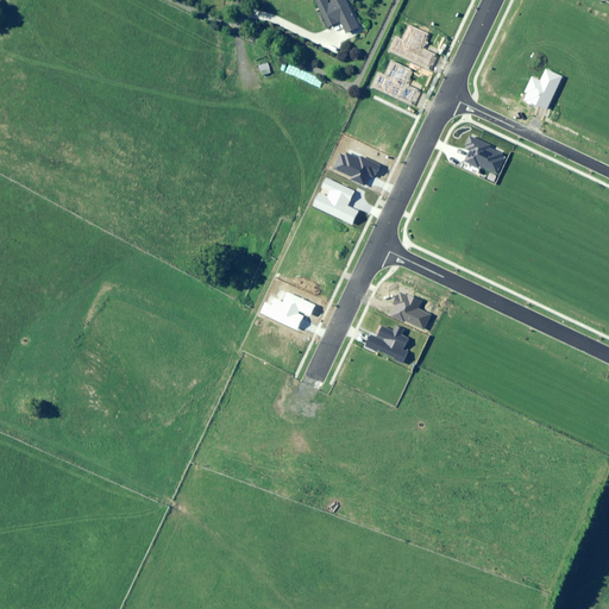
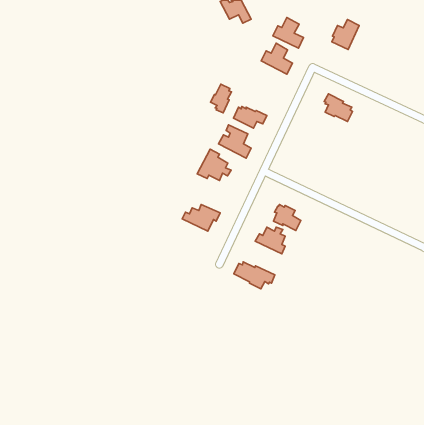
building: [525,68,564,111] -> [332,20,359,49]
building: none -> [211,84,231,113]
building: none -> [197,149,231,181]
building: none -> [234,262,275,289]

